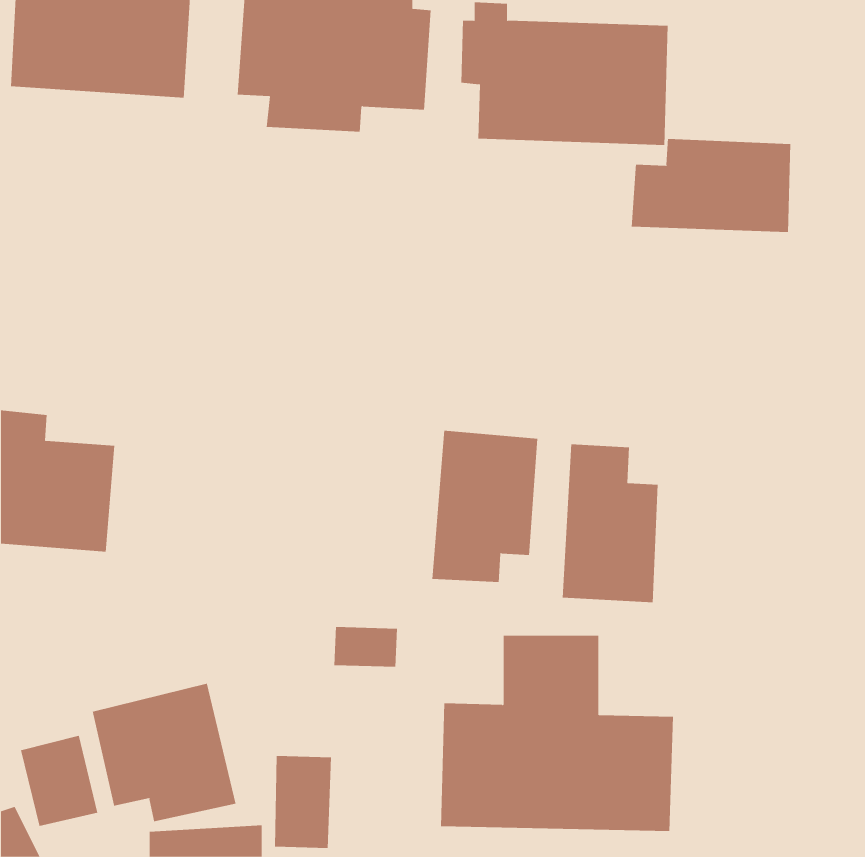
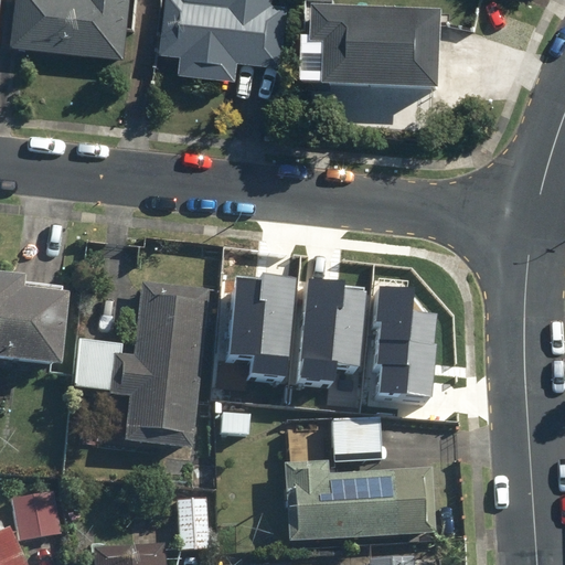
building: [631,138,791,233] -> none
building: none -> [221,276,289,377]
building: none -> [85,279,209,444]
building: [92,683,236,822] -> none

